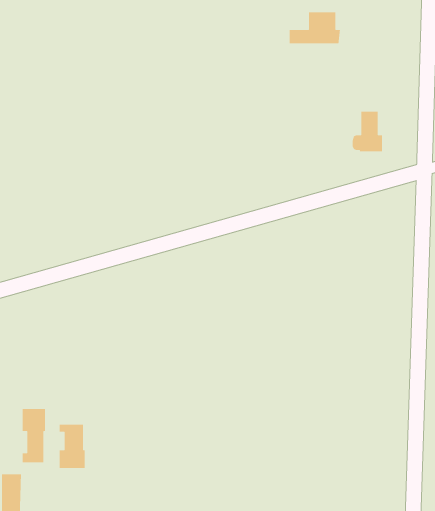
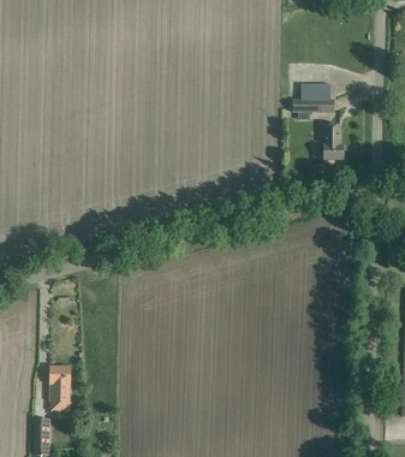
building: [289,11,341,44] -> [291,84,333,111]
building: [59,424,86,469] -> none

